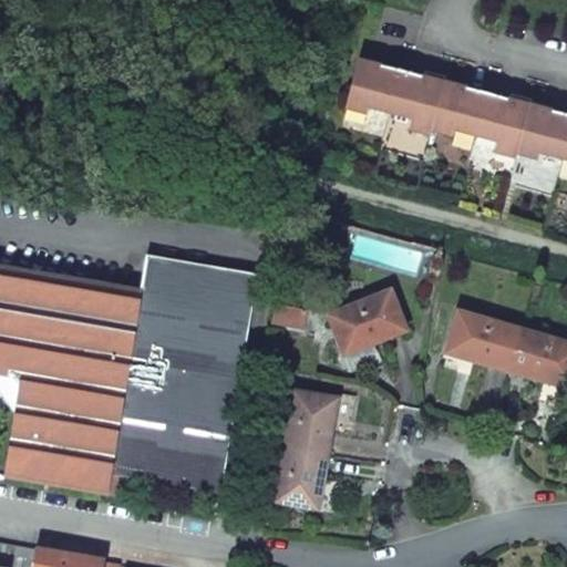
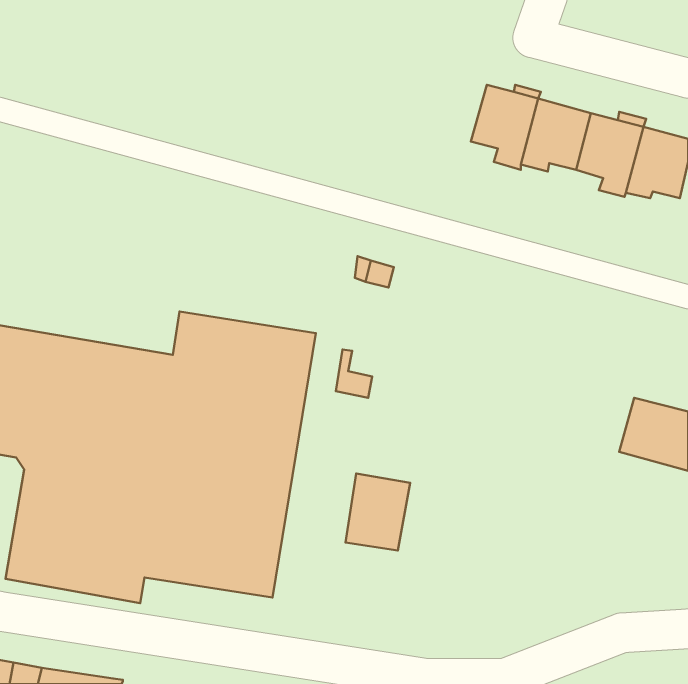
building: [342,59,400,116] -> none
building: [327,289,405,354] -> none
building: [445,309,520,371] -> none
building: [274,445,327,507] -> none

